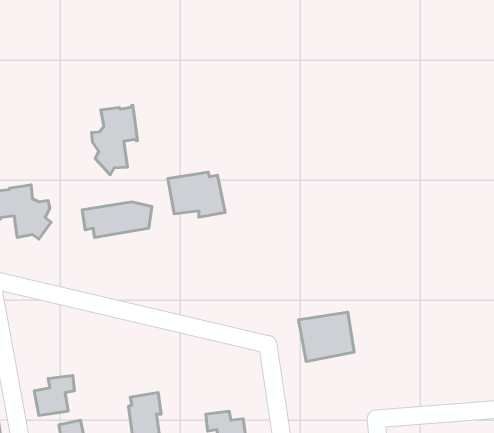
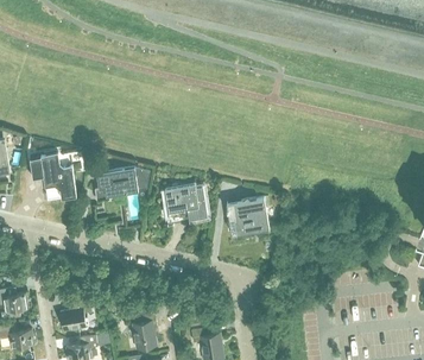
building: [92,105,137,175] -> none
building: [168,172,225,217] -> [165,187,209,221]
building: [298,312,354,362] -> [227,198,270,236]

